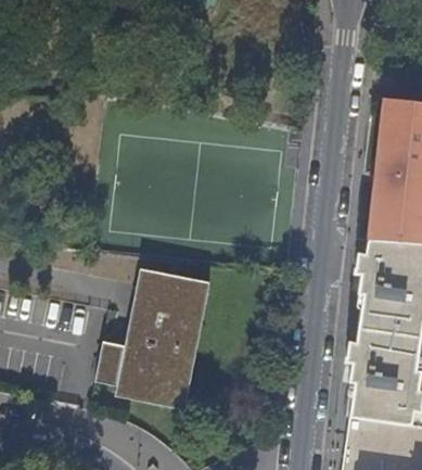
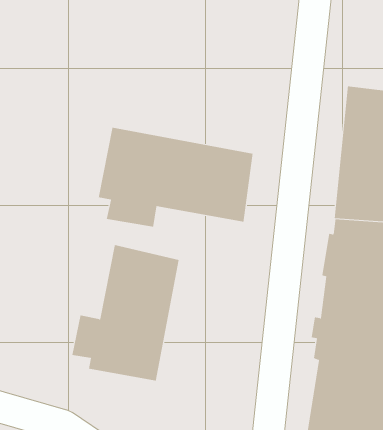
building: none -> [98,127,253,228]

